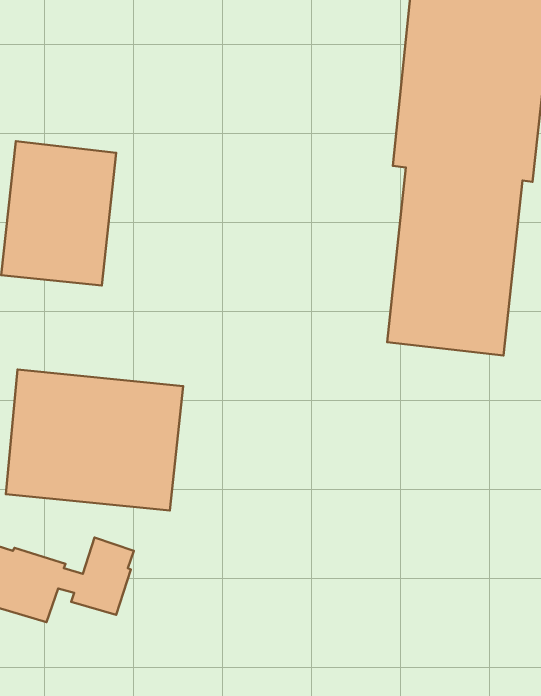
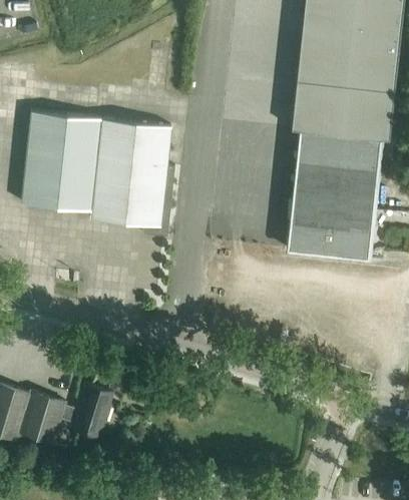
building: none -> [90,119,175,236]
building: [6,370,183,510] -> none

